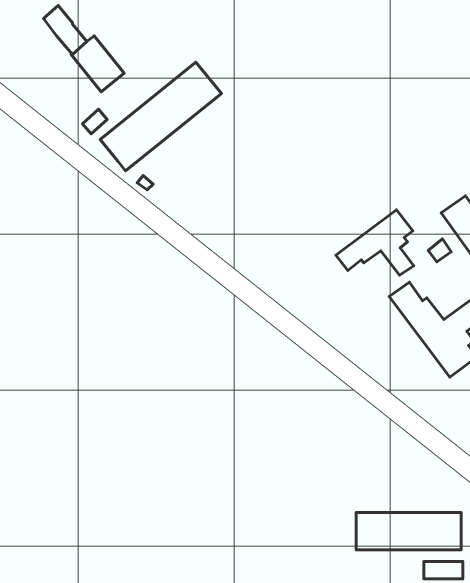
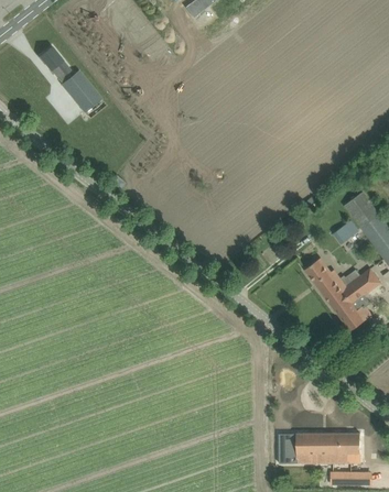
building: [100,62,221,171] -> none
building: [336,210,414,275] -> none

